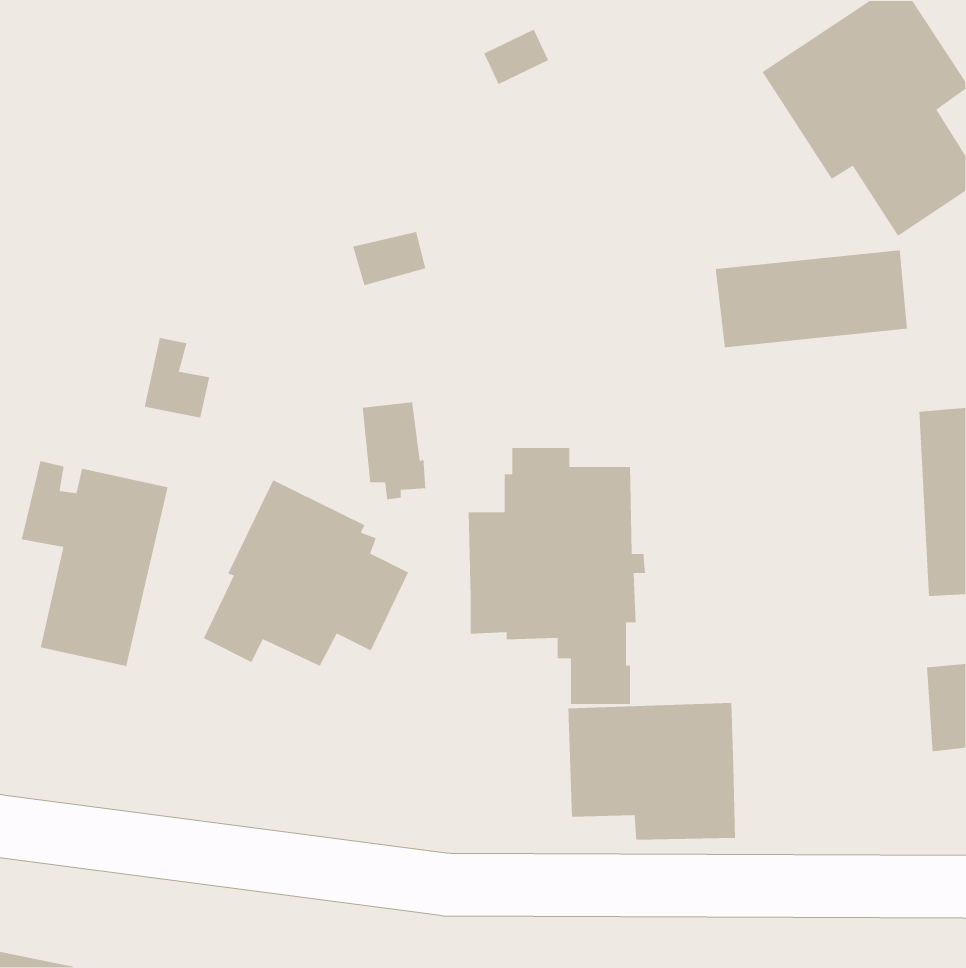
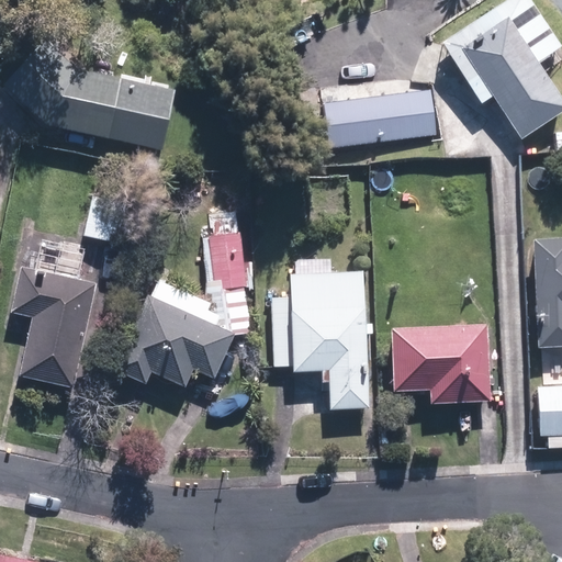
building: none -> [9,46,179,150]
building: [715,250,908,348] -> [324,90,436,147]
building: [567,702,736,840] -> [392,323,490,403]

